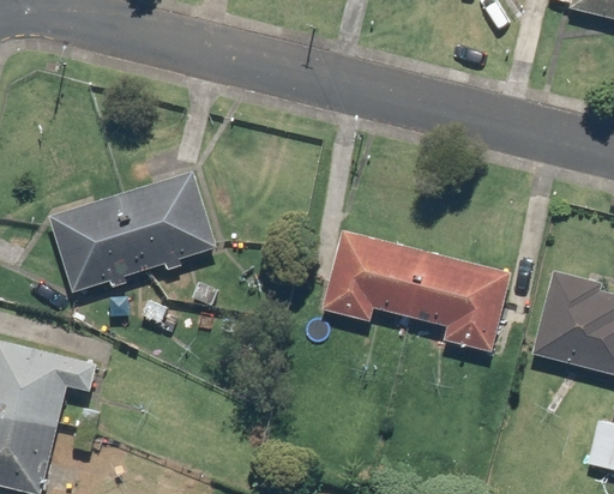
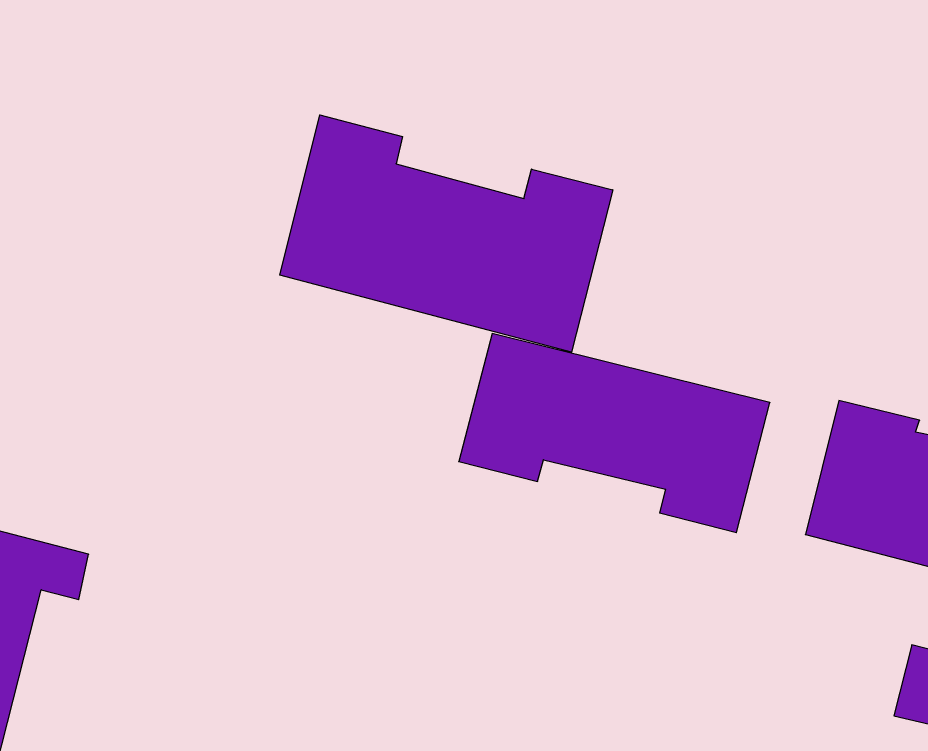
building: none -> [280,115,613,352]
building: [49,173,217,293] -> none

